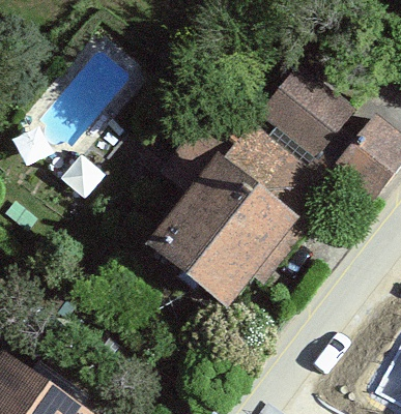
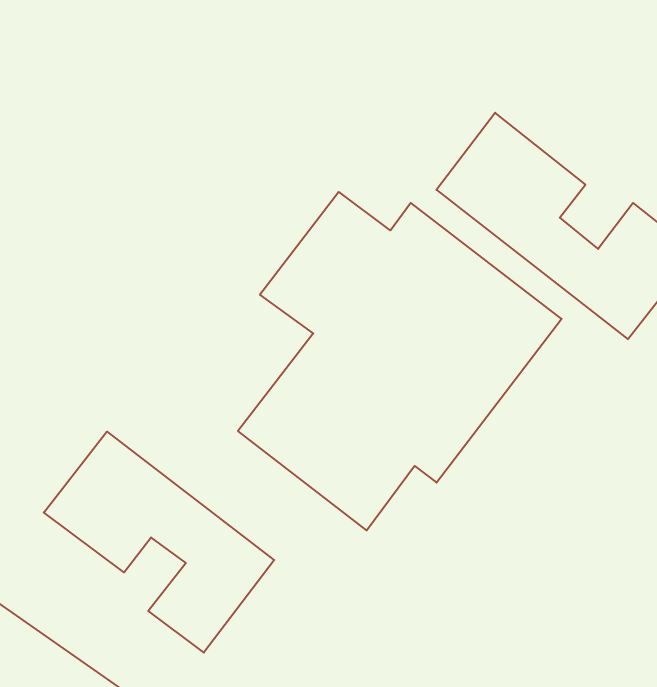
building: none -> [44,432,274,653]

